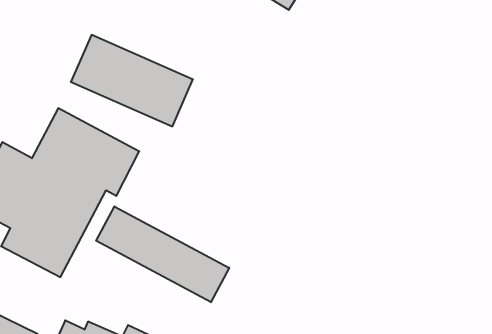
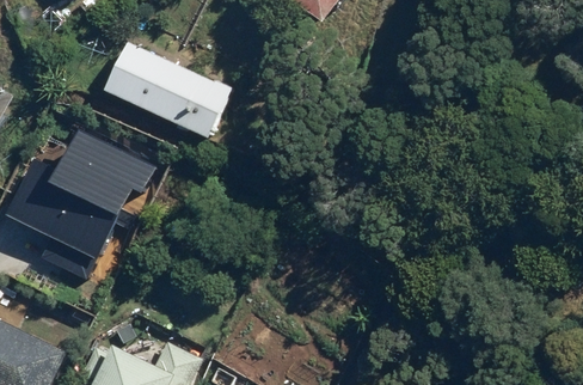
building: [96,206,229,302] -> none

